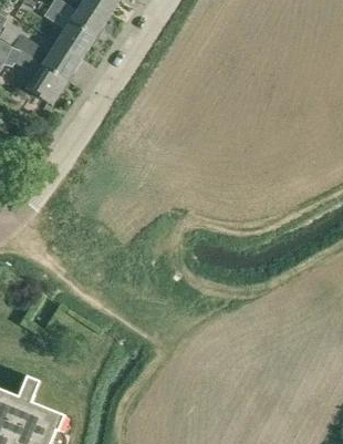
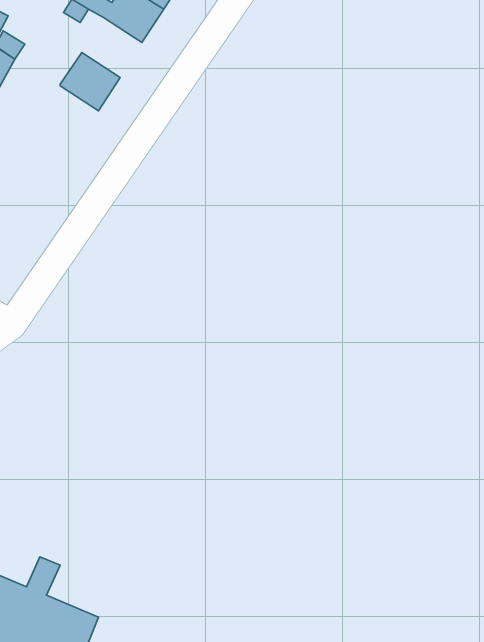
building: [55,19,95,59] -> none
building: [13,50,66,103] -> none

